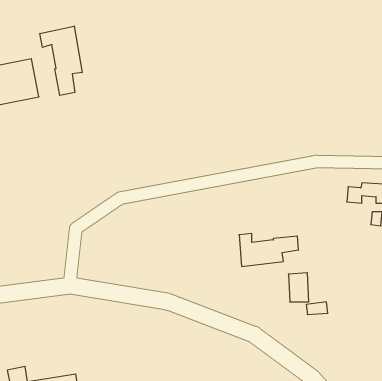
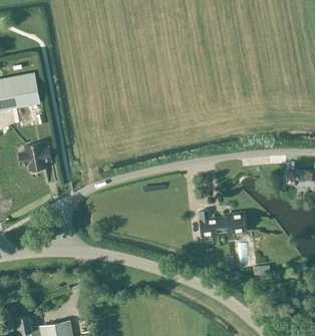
building: [40,26,82,95] -> none
building: none -> [18,143,55,185]

